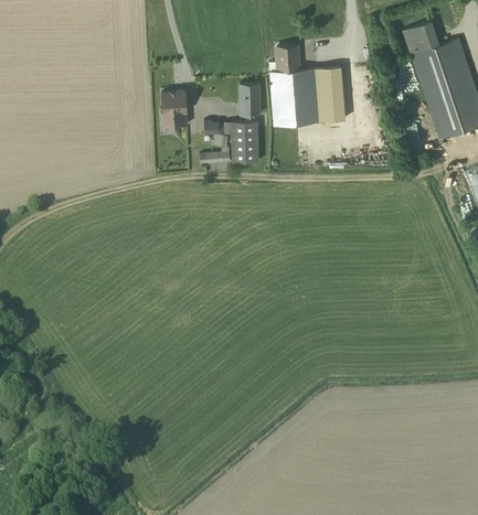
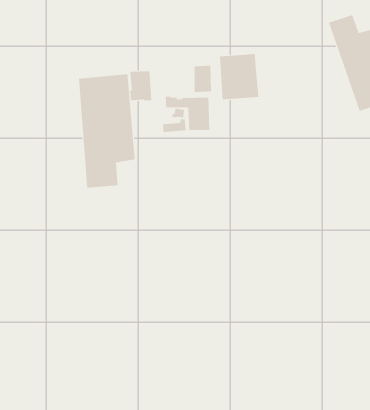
building: [269,44,300,72] -> none
building: [314,66,344,121] -> none
building: none -> [78,73,135,189]

